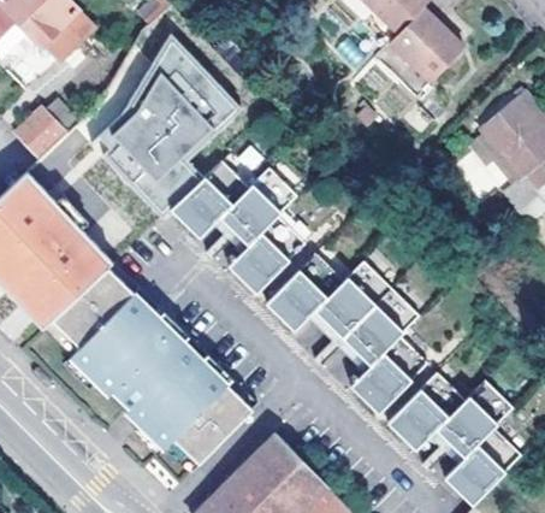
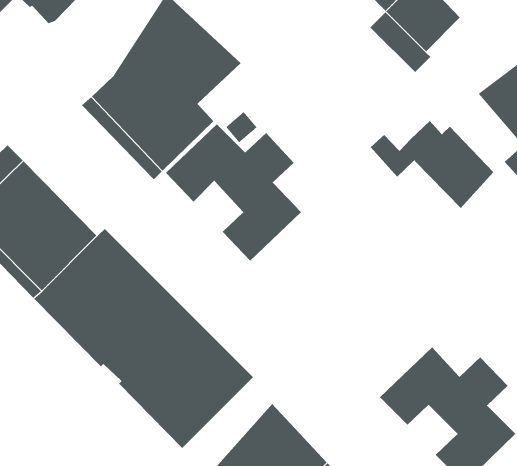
building: [16,108,66,159] -> none
building: none -> [370,120,494,209]
building: [265,253,423,414] -> none

